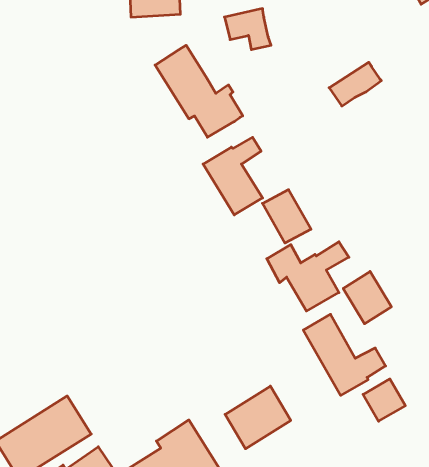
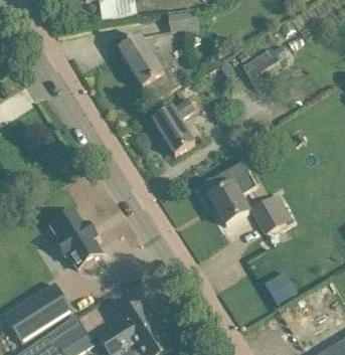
building: [262,190,311,243] -> none
building: none -> [50,209,103,268]
building: [303,314,386,395] -> none
building: [225,386,291,449] -> none

